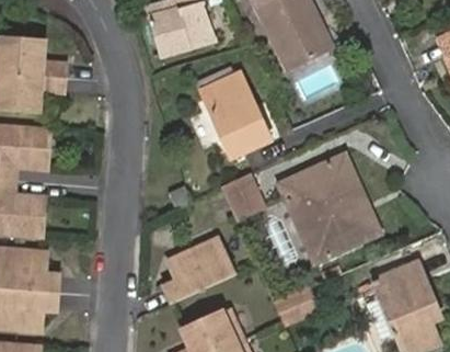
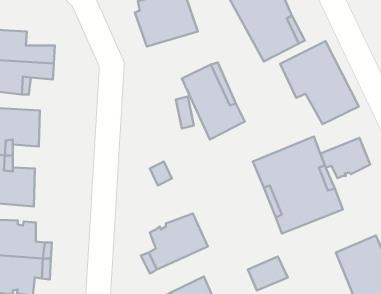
building: none -> [280,41,359,124]
building: none -> [320,138,370,178]
building: [221,173,267,223] -> none

